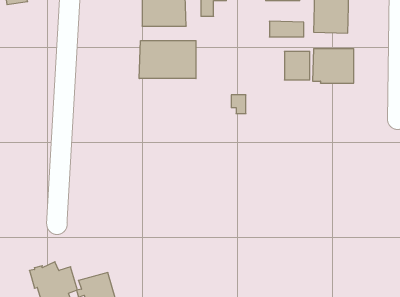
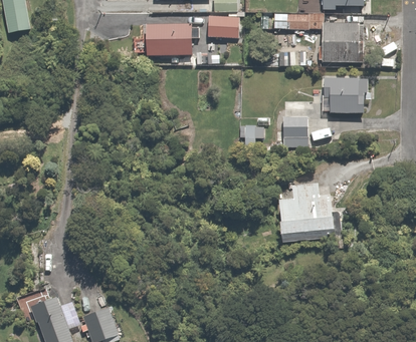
building: [139,41,196,79] -> none
building: [284,51,310,80] -> [282,115,308,144]
building: none -> [281,184,338,242]

